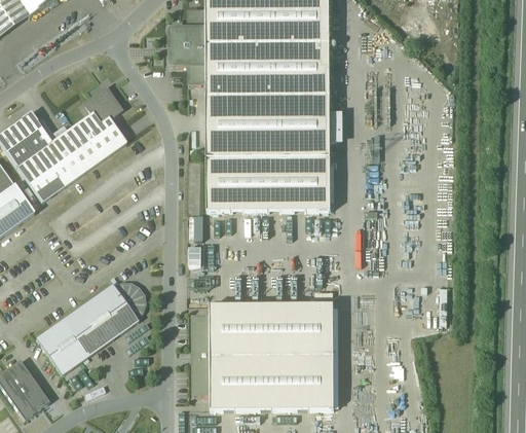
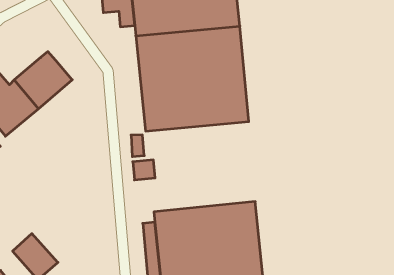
building: [85,88,120,116] -> none
building: [62,282,145,356] -> none

